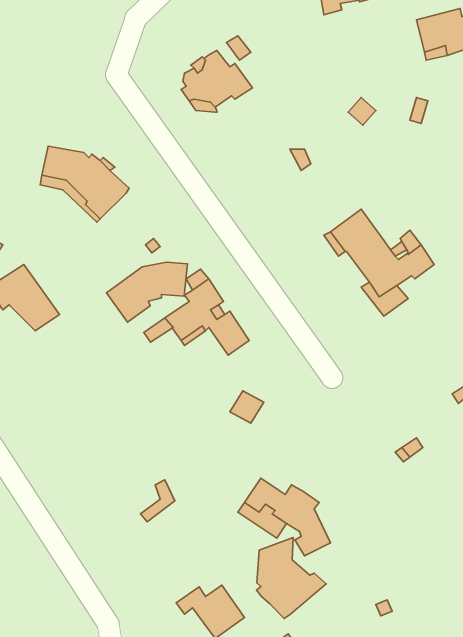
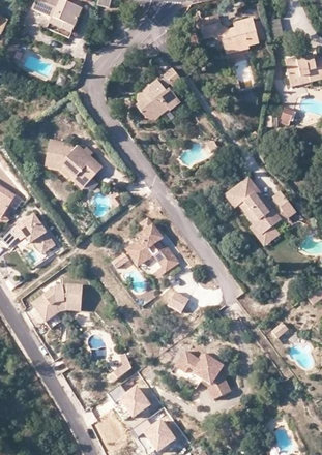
building: [106,262,188,322] -> [31,284,83,323]
building: none -> [108,384,150,418]
building: [256,538,326,618] -> none

